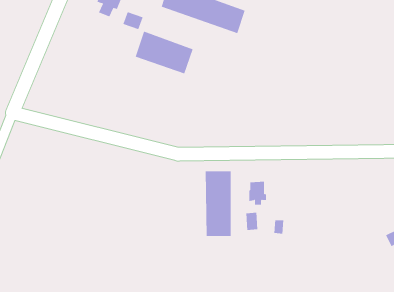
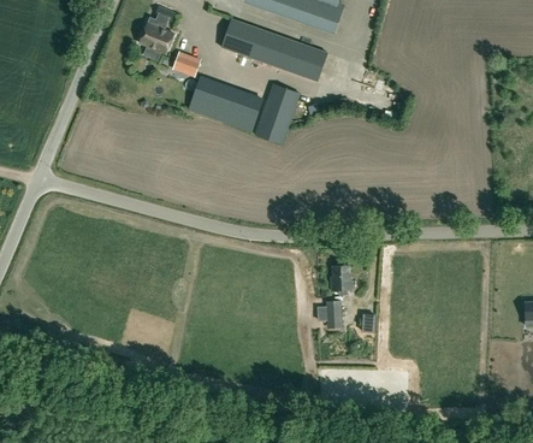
building: none -> [254,84,324,143]
building: [205,170,231,237] -> none

